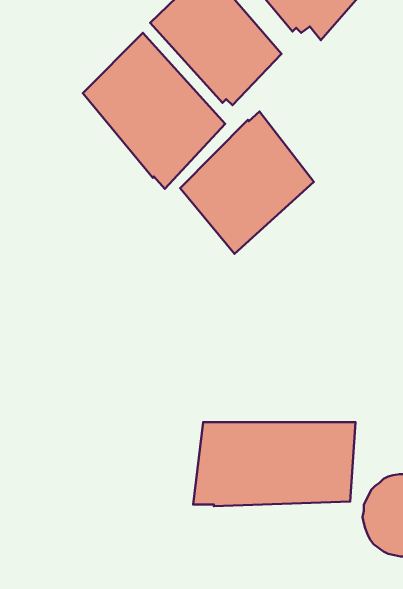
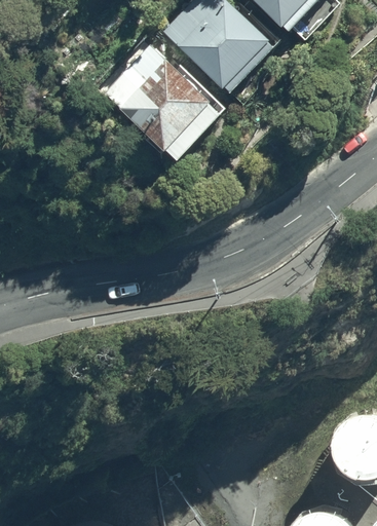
building: [180,112,314,254] -> none
building: [193,422,355,506] -> none

